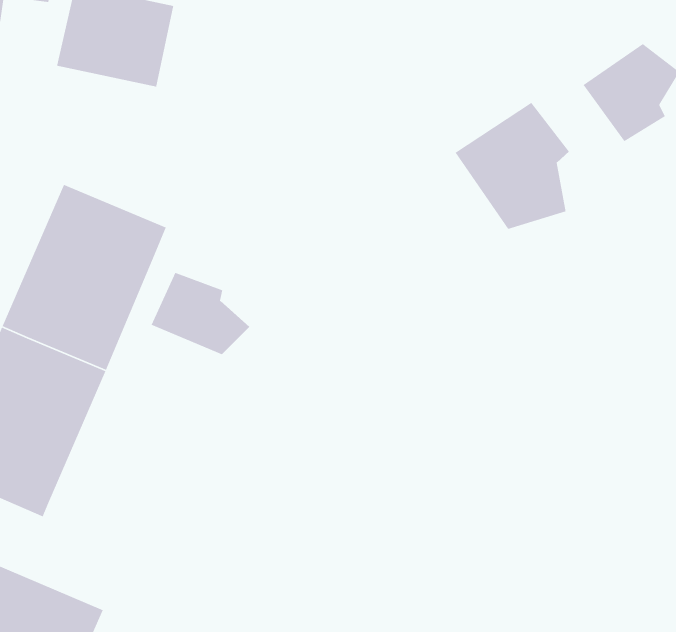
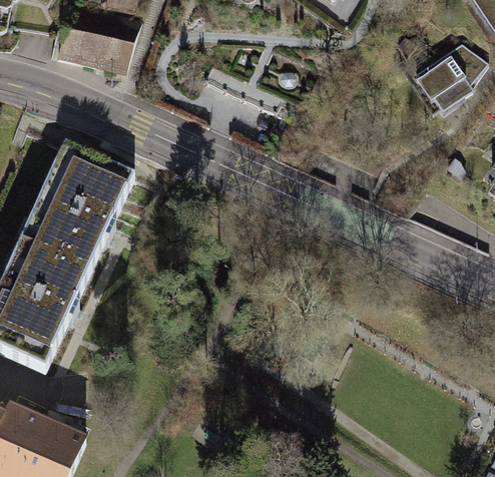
building: [454,102,570,230] -> none
building: [150,272,250,355] -> none

